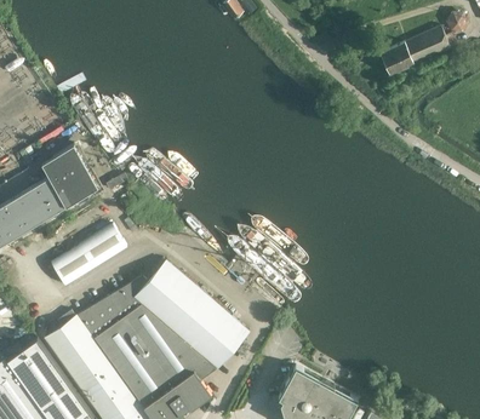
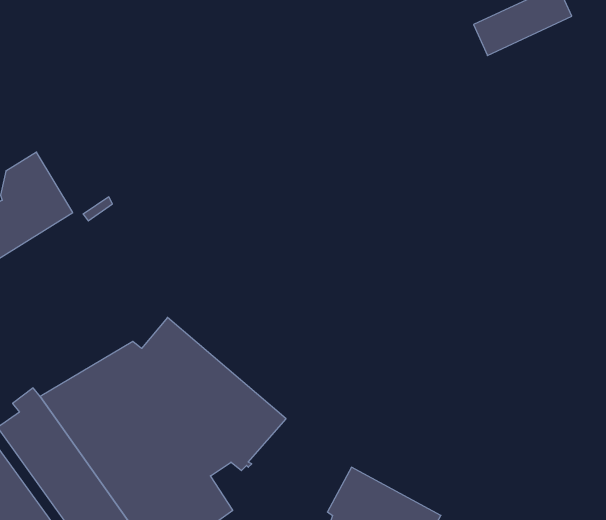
building: [52,225,128,286] -> none

